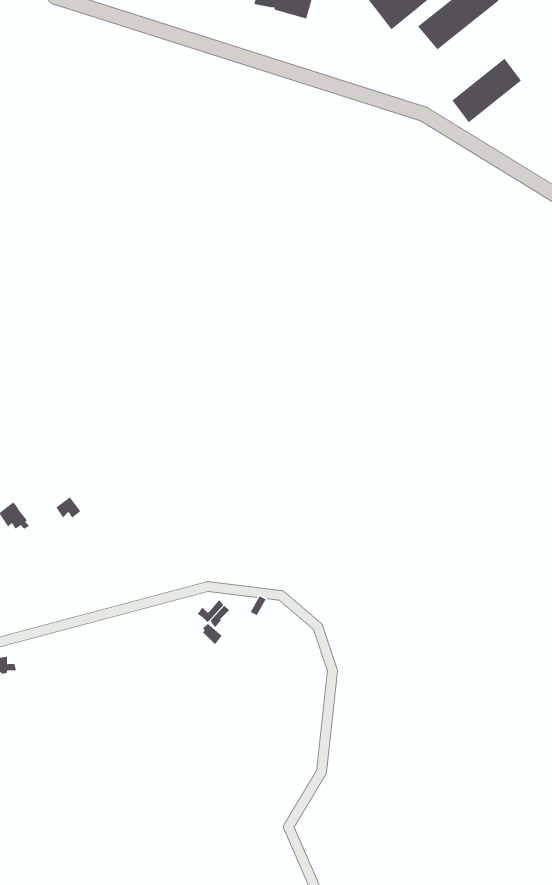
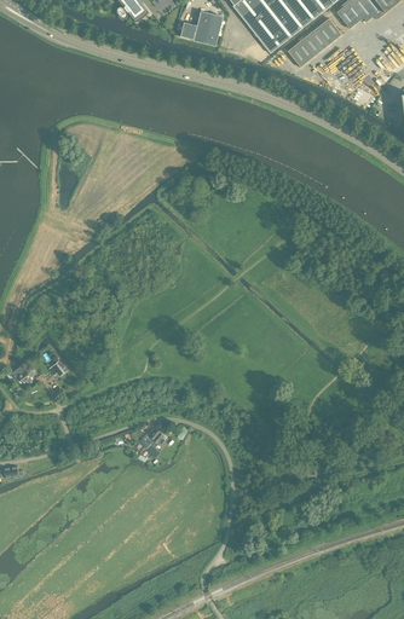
building: [451,58,522,123] -> none

